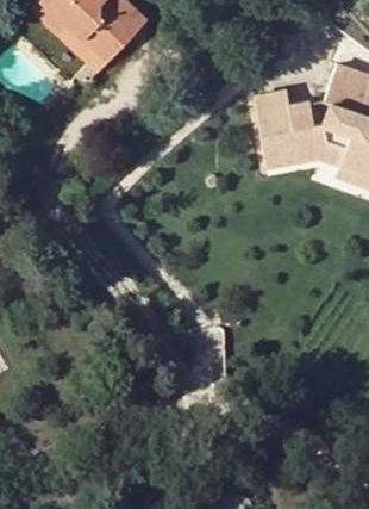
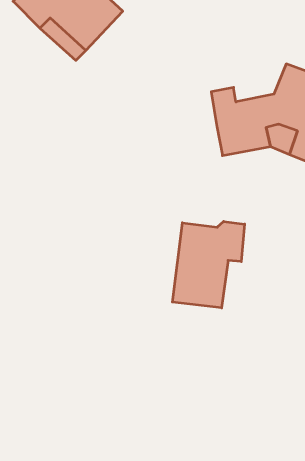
building: none -> [172,221,245,308]

